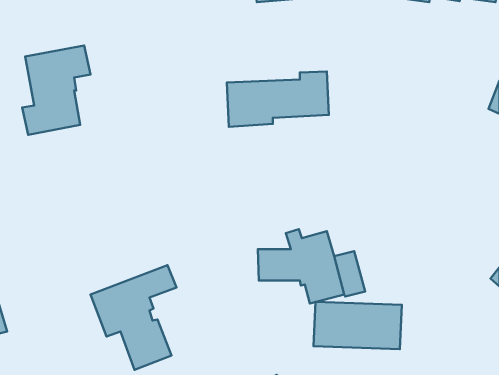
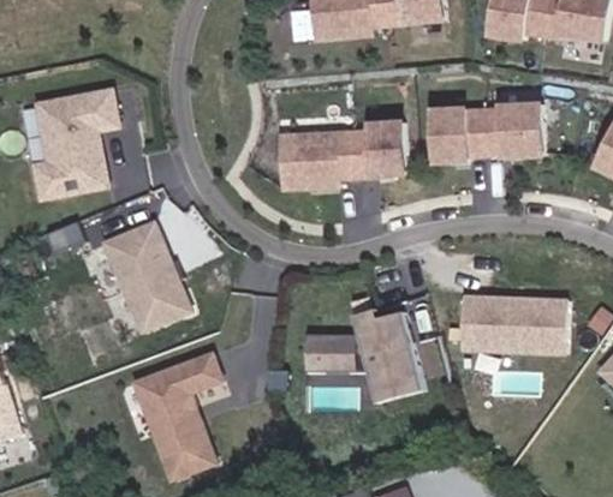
building: none -> [430,103,541,161]
building: none -> [105,222,190,330]
building: [313,302,402,349] -> [459,295,565,352]

